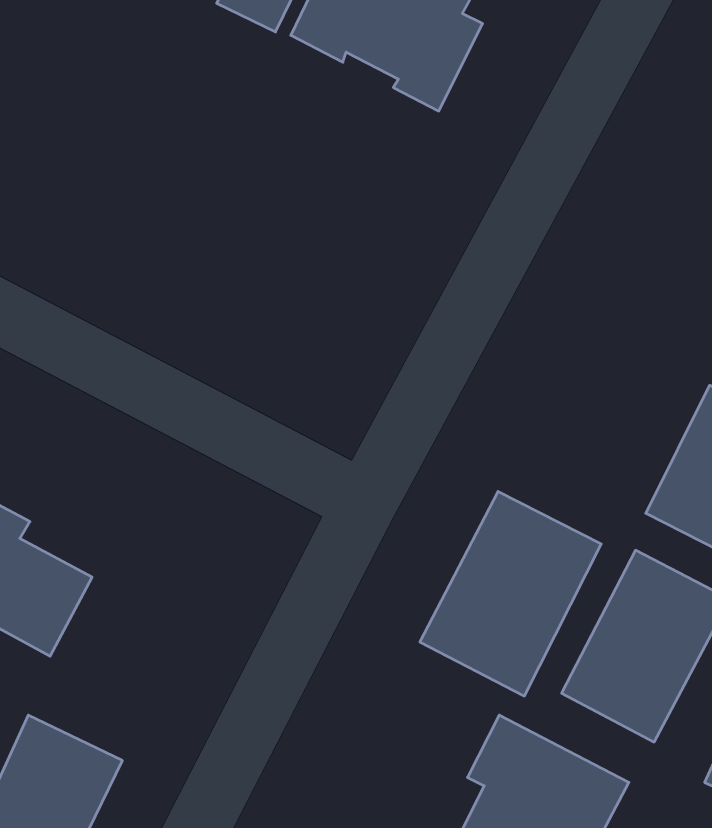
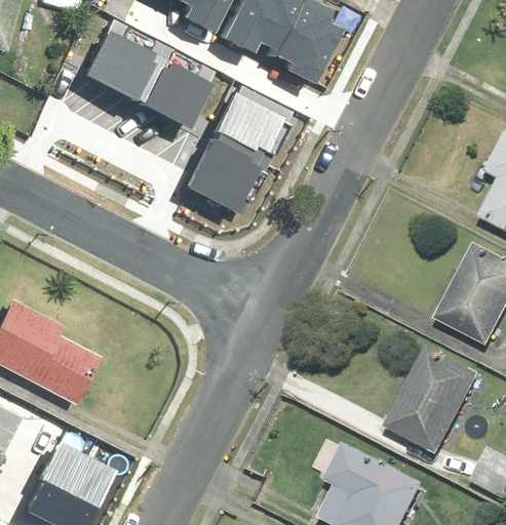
building: none -> [85,16,211,117]
building: none -> [192,84,287,203]
building: [420,491,601,696] -> none

